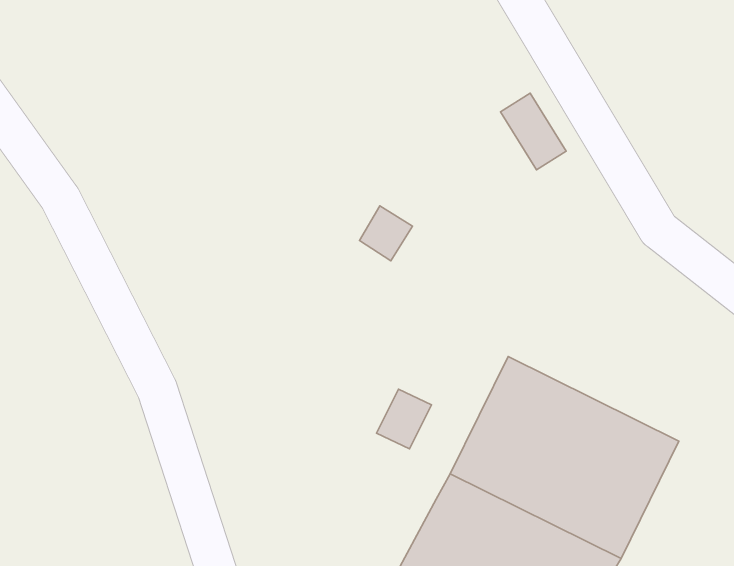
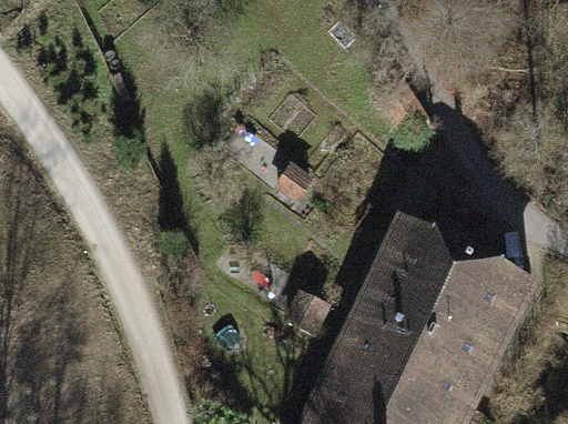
building: none -> [388,219,530,321]

